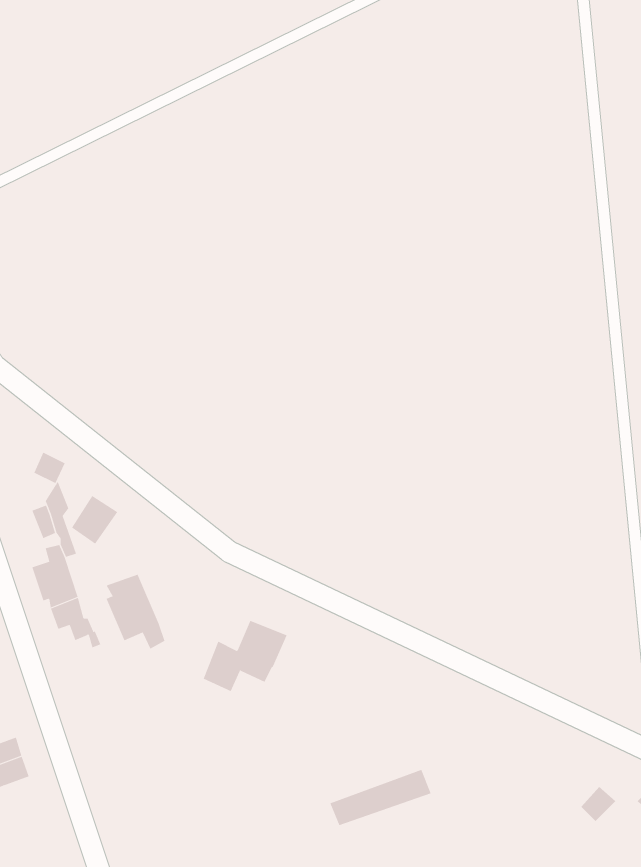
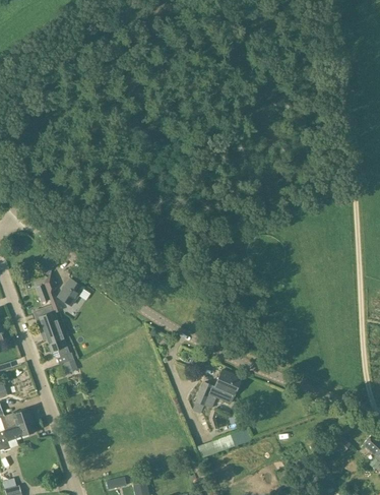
building: [106,574,165,649] -> none
building: [203,620,288,692] -> [196,369,242,408]

